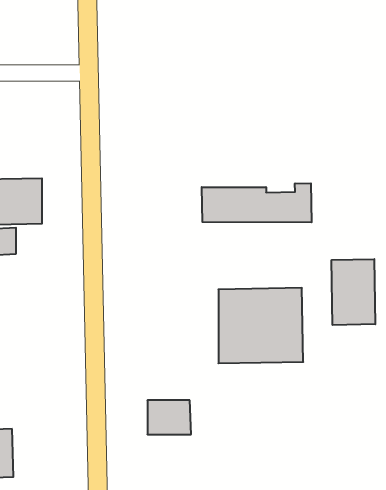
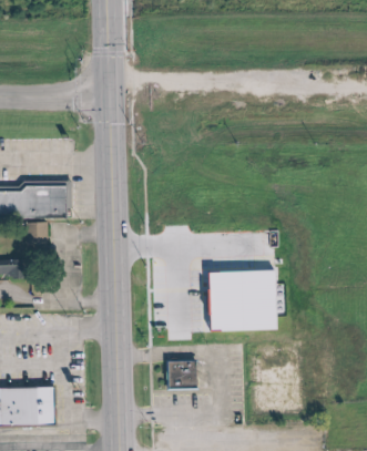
building: [202,183,312,222] -> none
building: [332,259,375,325] -> none

